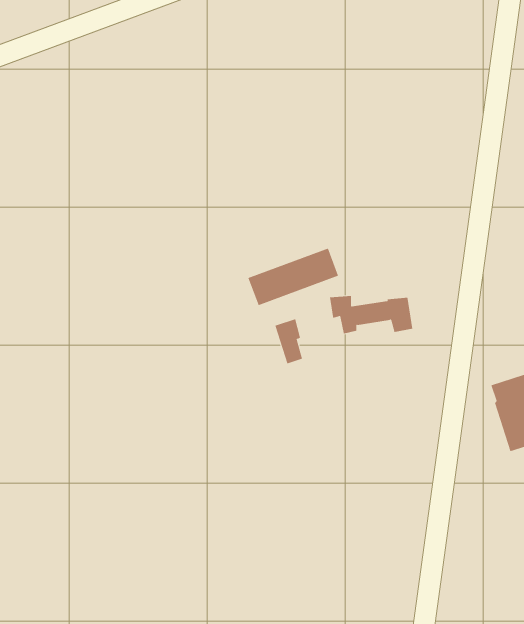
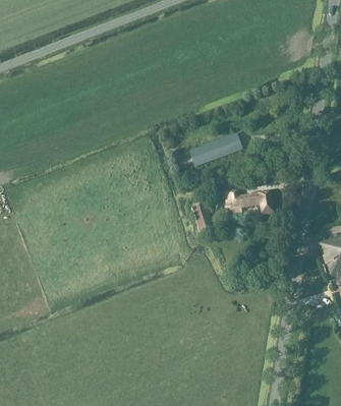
building: [248,248,339,306] -> [189,133,242,167]

